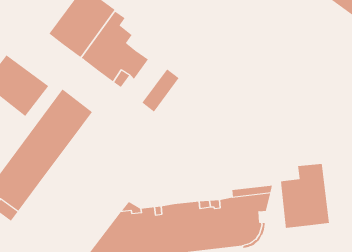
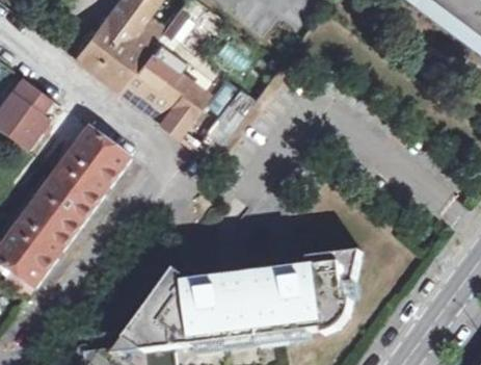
building: [280,163,329,229] -> none

